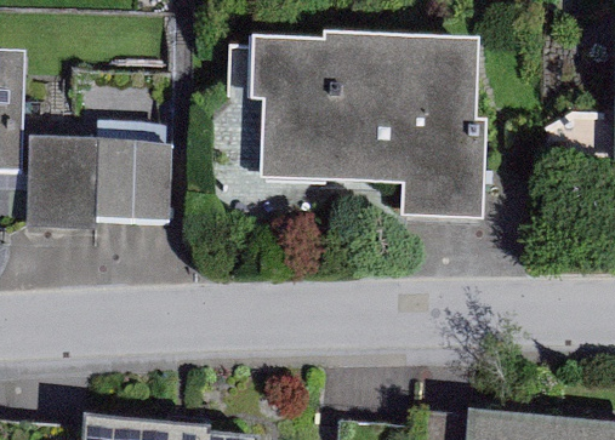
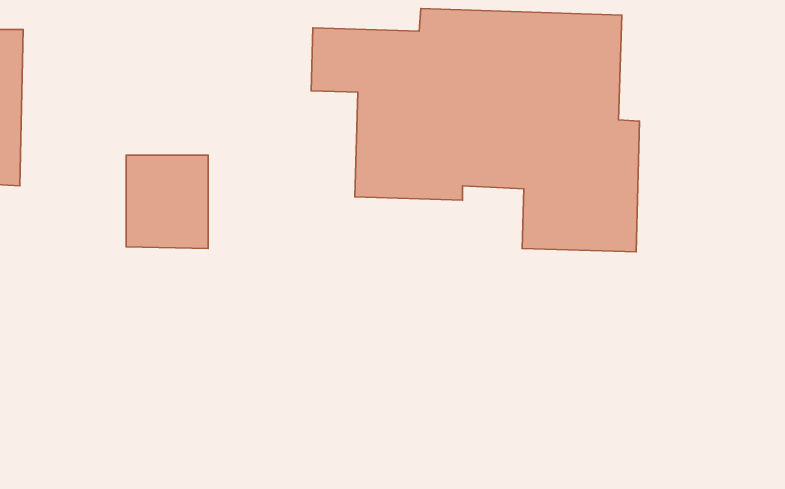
building: [35,144,102,215] -> none

